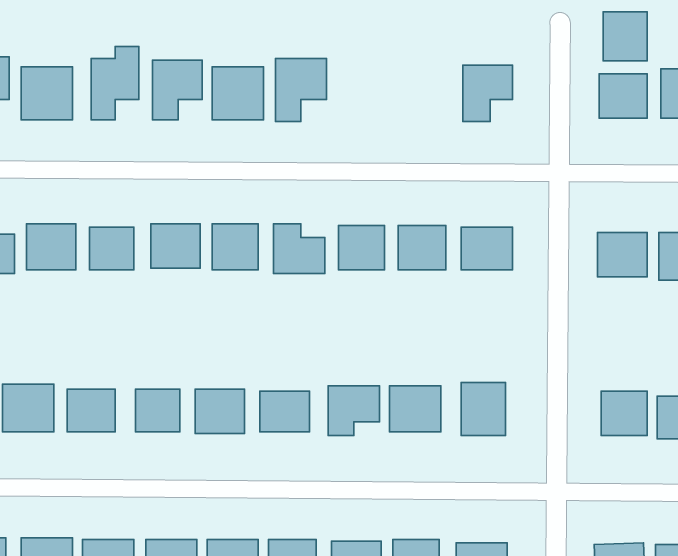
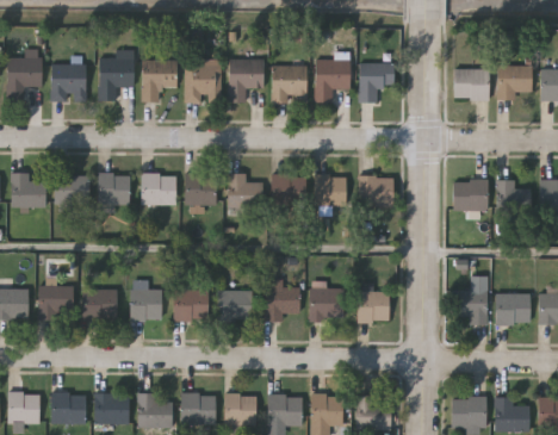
building: [603,12,647,61] -> none
building: none -> [315,61,351,102]
building: none -> [272,66,308,102]

